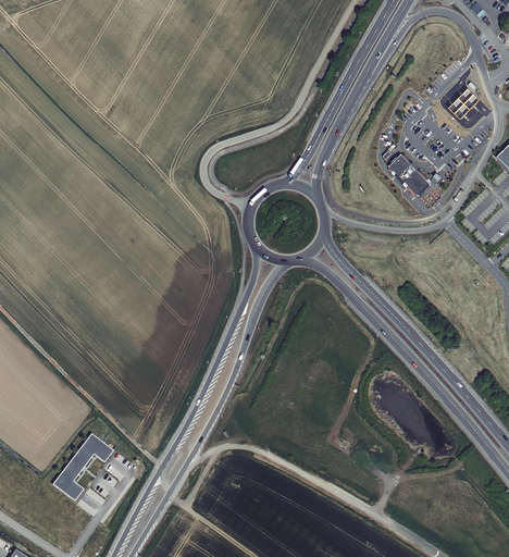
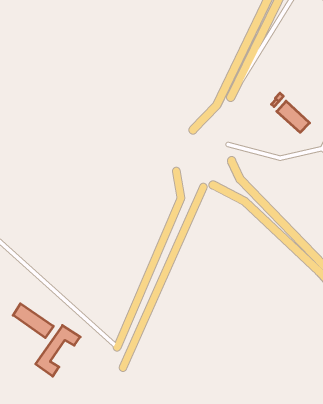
building: none -> [13,304,53,338]

